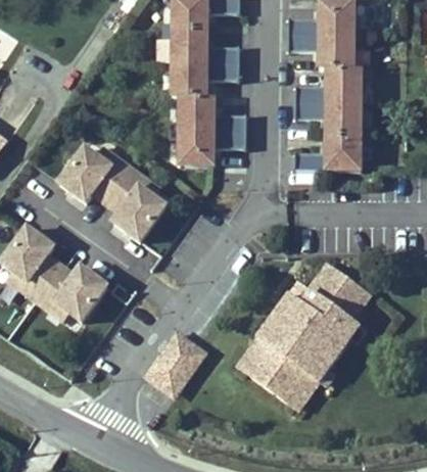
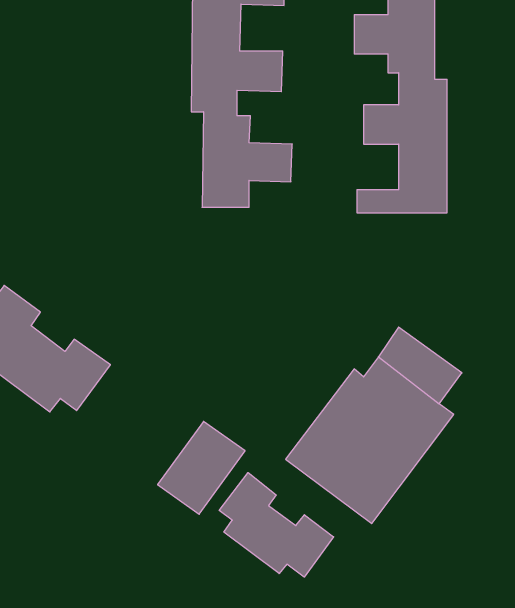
building: [59,146,170,241] -> none
building: none -> [219,473,334,577]

